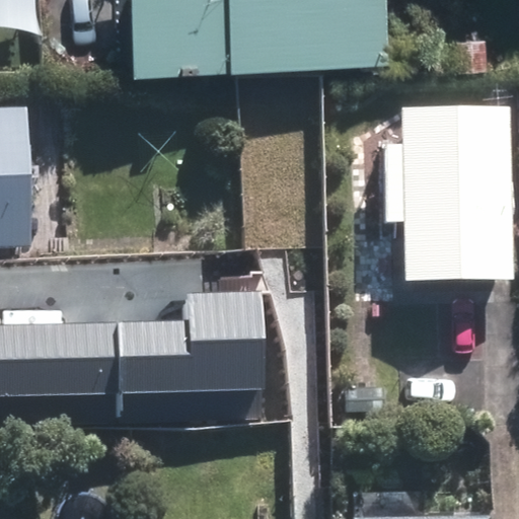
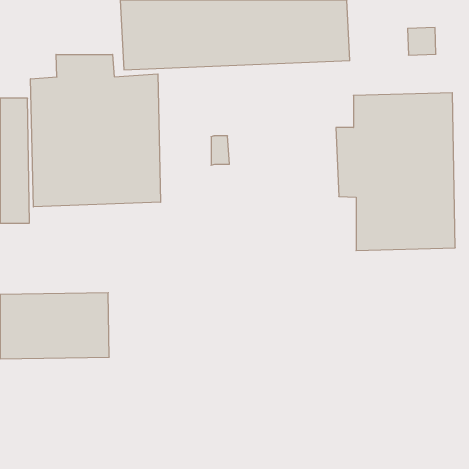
building: none -> [31,54,161,207]
building: [120,292,265,394] -> none

